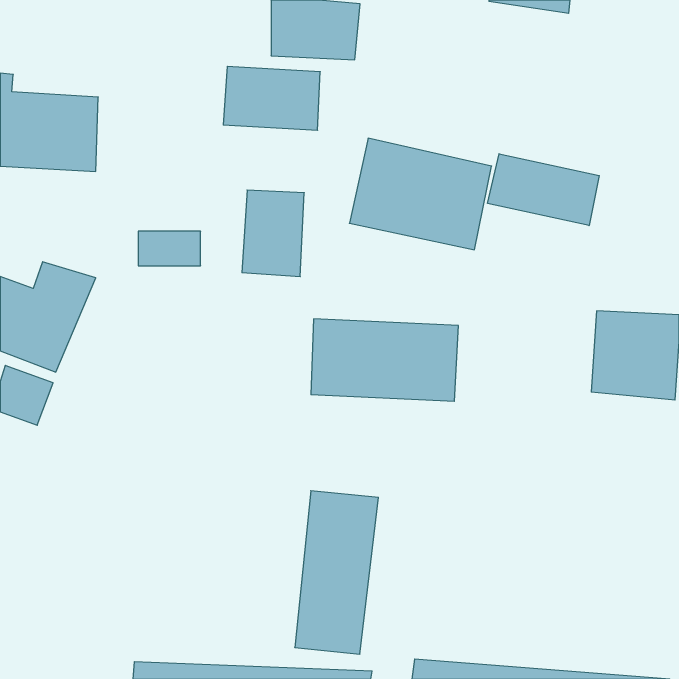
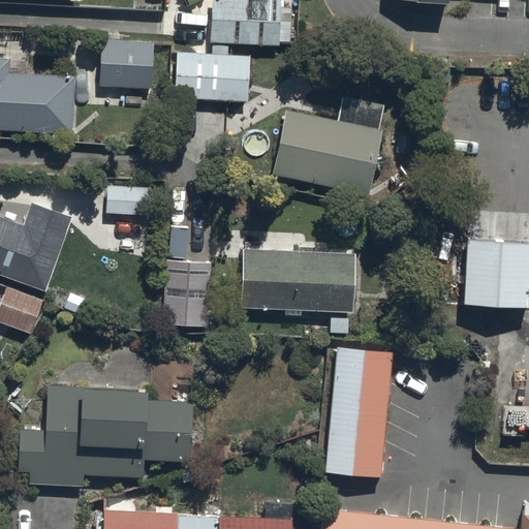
building: none -> [99,40,153,88]
building: [488,154,599,226] -> none
building: [242,190,304,277] -> [162,259,211,326]
building: [295,491,378,654] -> [330,349,395,476]
building: none -> [19,385,193,486]

